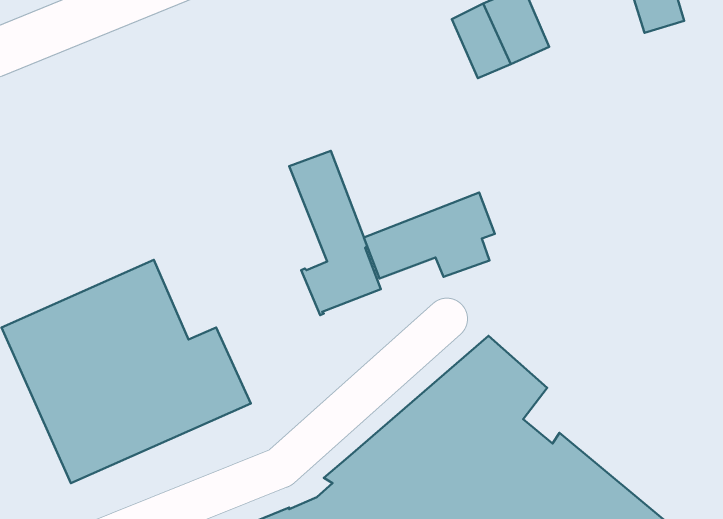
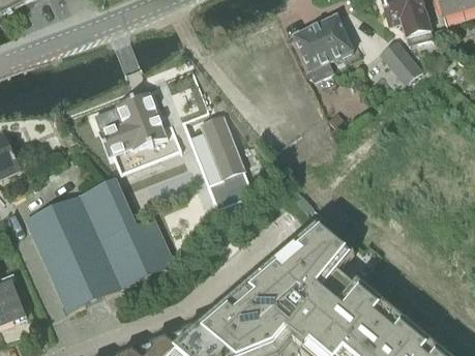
building: none -> [379,39,421,84]
building: none -> [93,90,180,173]
building: [364,193,495,279] -> none

